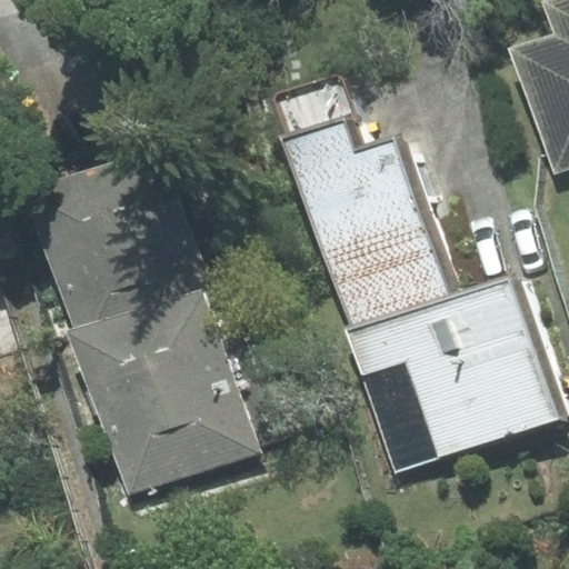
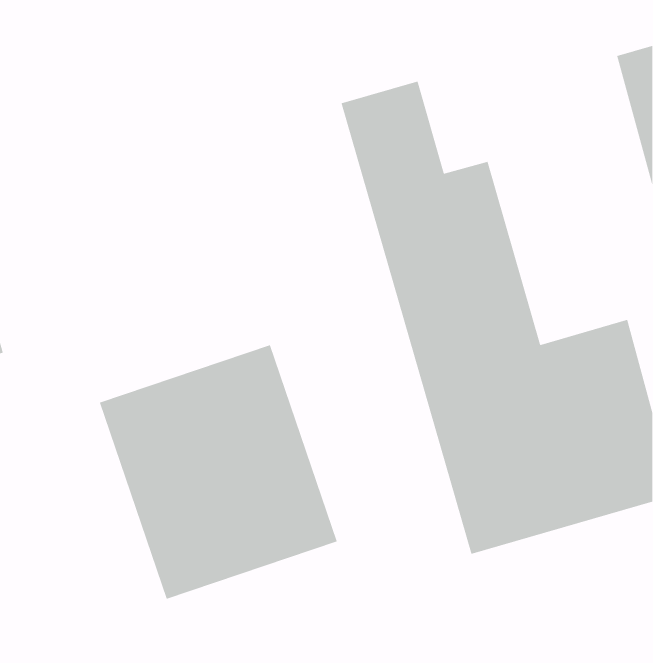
building: [30,149,220,338] -> none

